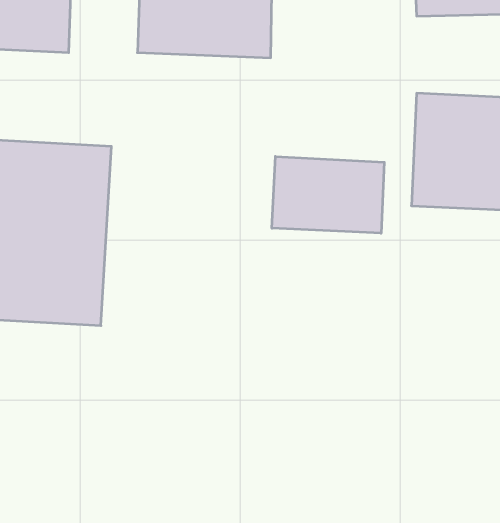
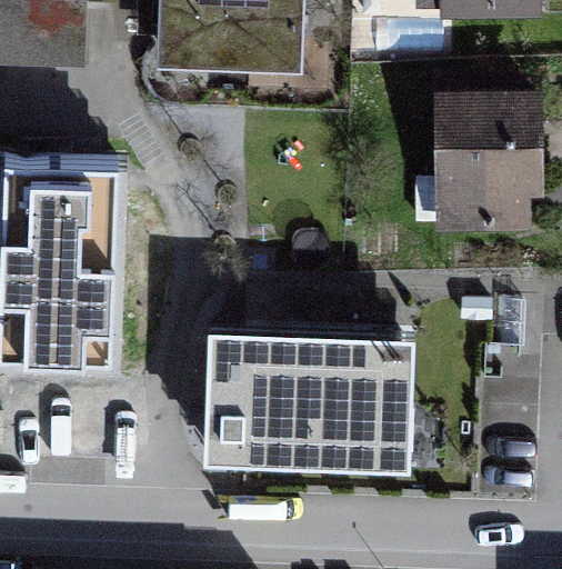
building: [272,156,384,233] -> none
building: none -> [204,332,411,462]

